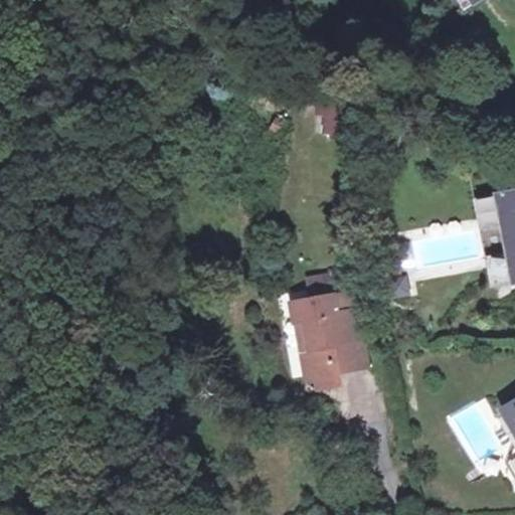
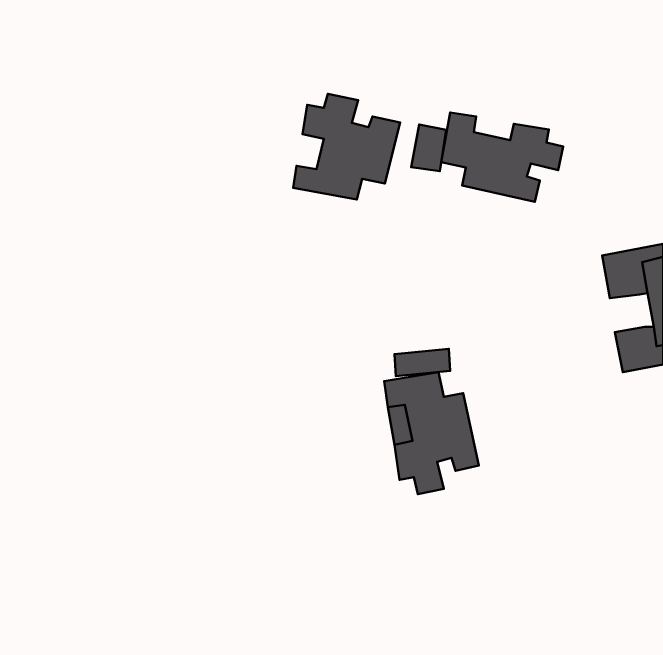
building: none -> [293,94,400,199]
building: none -> [441,112,563,202]

